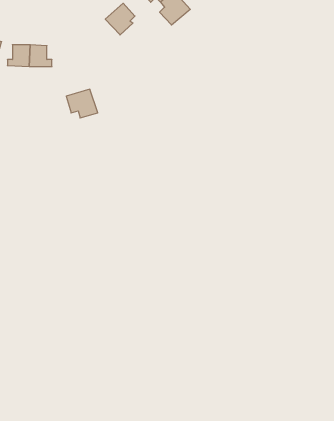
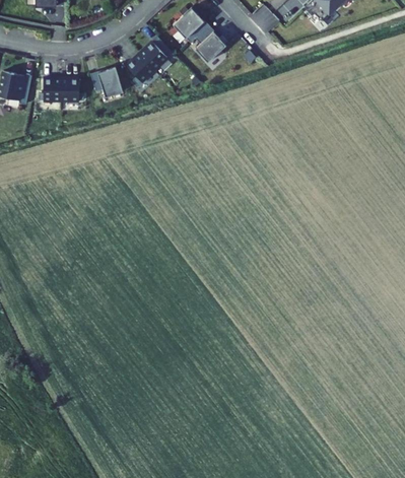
building: none -> [127,54,154,85]
building: [66,89,98,118] -> [91,68,124,97]

